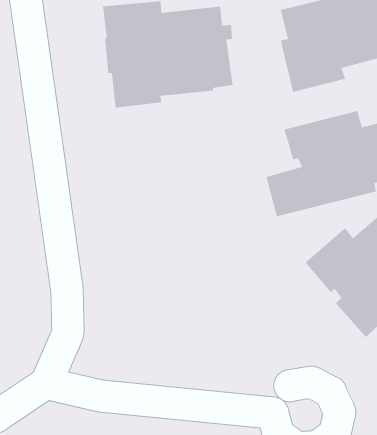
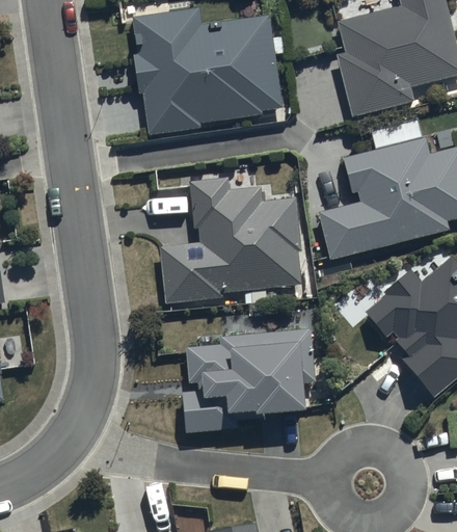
building: none -> [160,178,301,307]
building: none -> [183,327,315,431]

